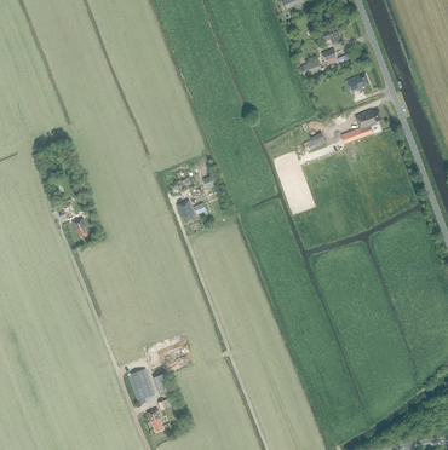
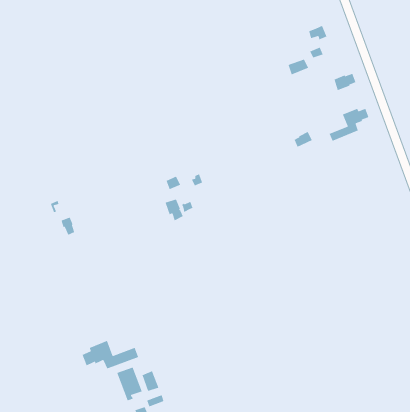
building: none -> [81,340,139,370]

